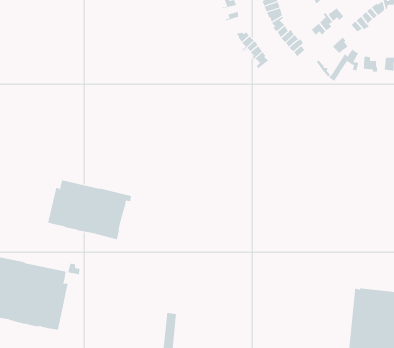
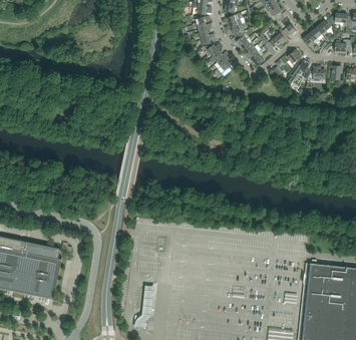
building: [47,180,131,240] -> none

